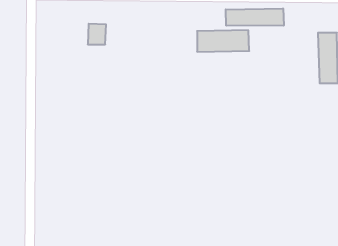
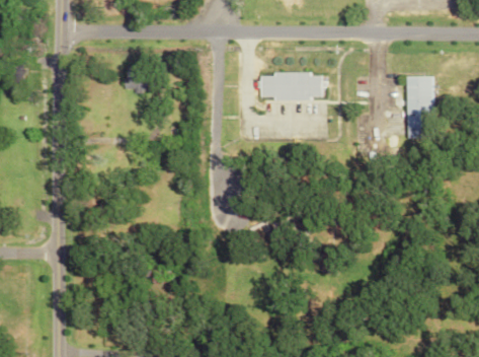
building: [226,8,284,26] -> none

